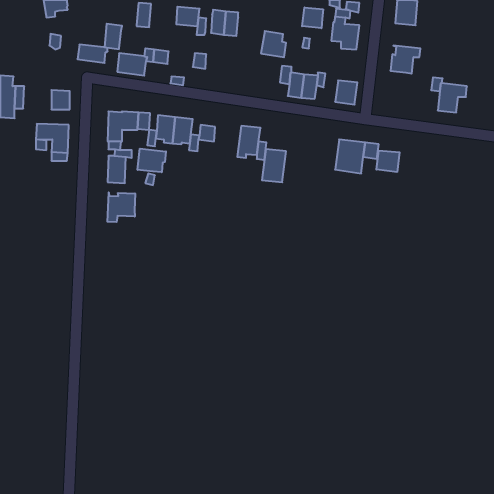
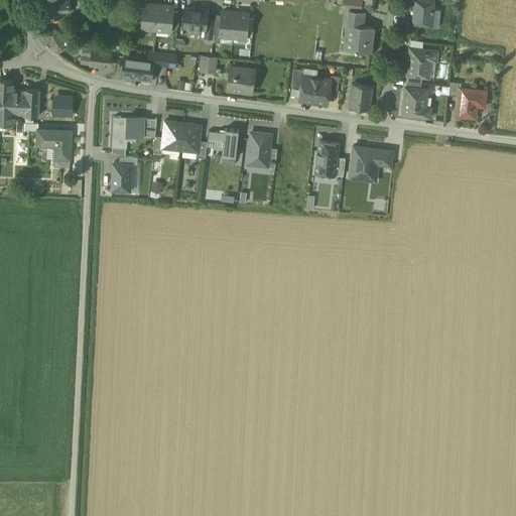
building: [302,7,323,28] -> none
building: [105,24,122,49] -> [156,5,174,31]
building: [261,31,286,57] -> [228,67,254,94]
building: none -> [403,87,431,117]
building: none -> [25,90,40,117]
building: none -> [223,129,240,158]
building: [138,149,166,172] -> none
building: [262,149,286,182] -> [315,140,341,174]
building: [376,151,400,172] -> none
building: [107,192,135,222] -> none

